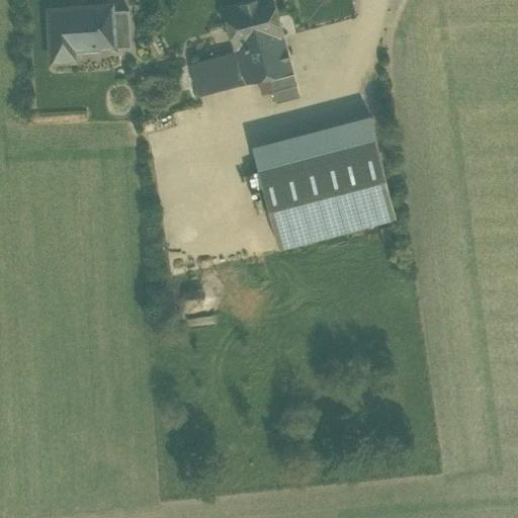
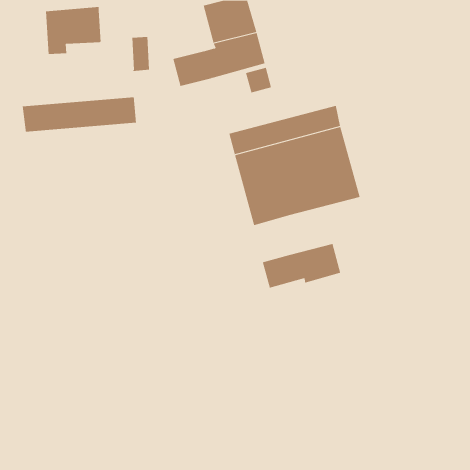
building: [109,11,130,50] -> [131,37,150,72]
building: none -> [22,96,137,132]
building: none -> [262,243,341,288]

